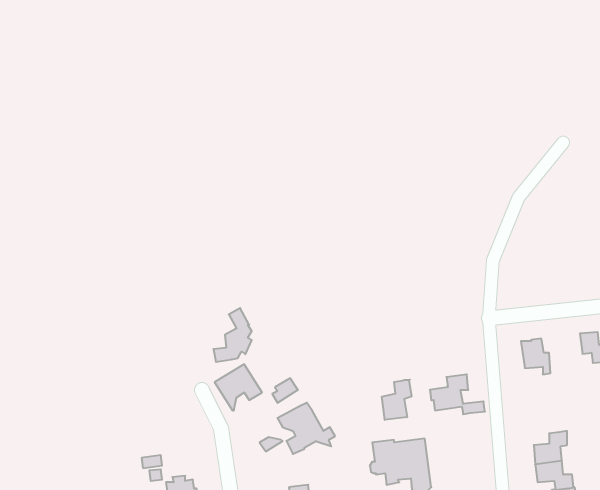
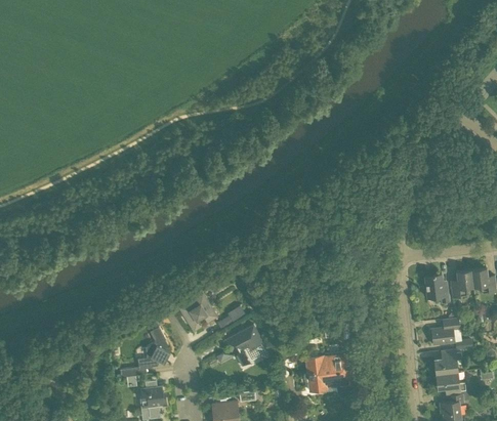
building: [213,308,252,362] -> [137,326,168,369]
building: none -> [450,269,473,297]
building: [430,374,485,414] -> [428,317,472,348]
building: [382,380,411,420] -> none

